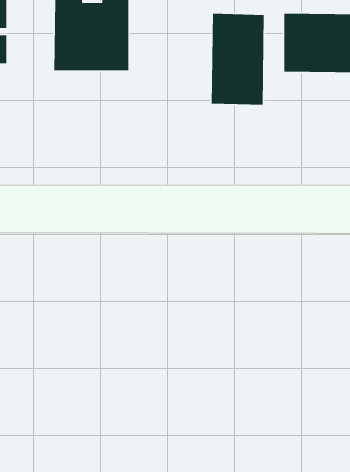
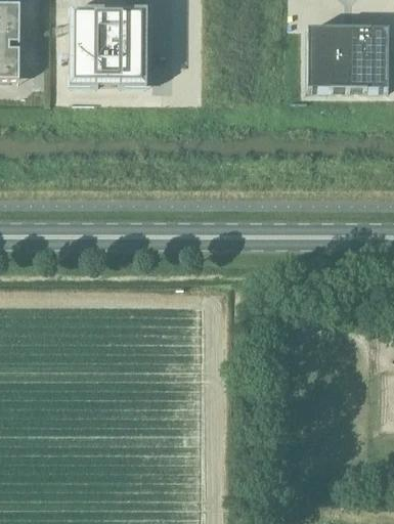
building: [211,13,265,106] -> none

